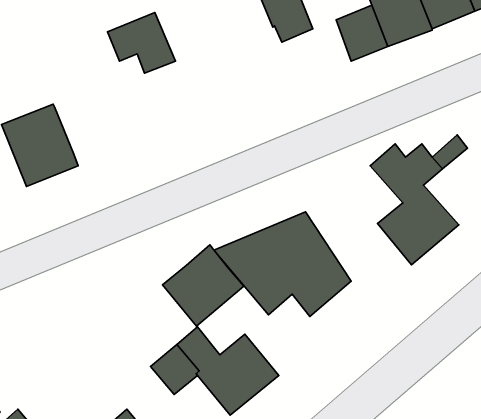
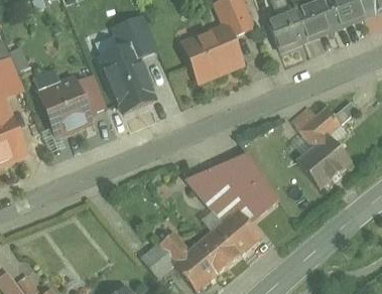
building: none -> [183,25,241,81]
building: none -> [101,44,154,112]
building: none -> [76,75,105,113]
building: [163,245,244,326] -> [206,208,261,264]

